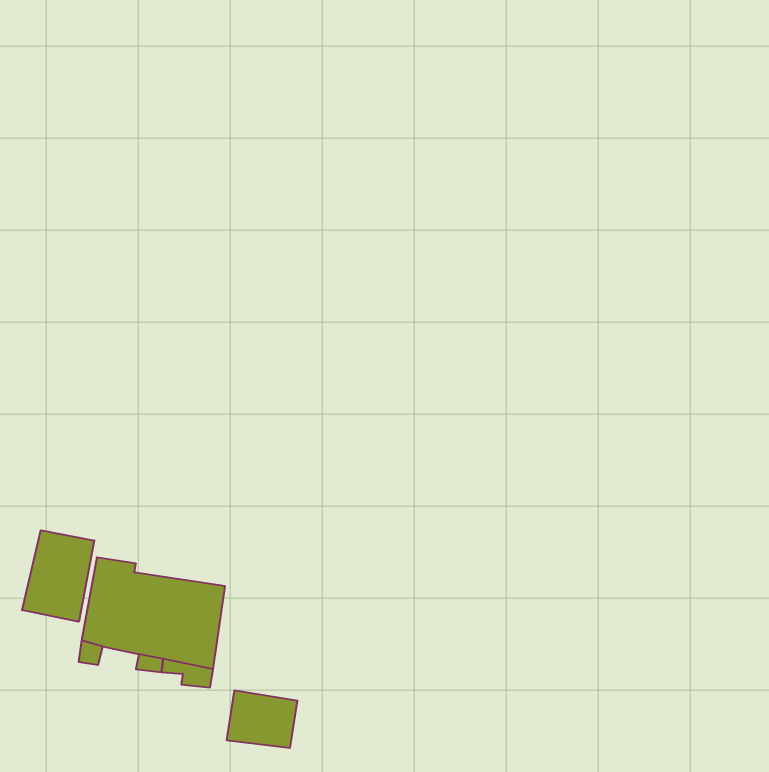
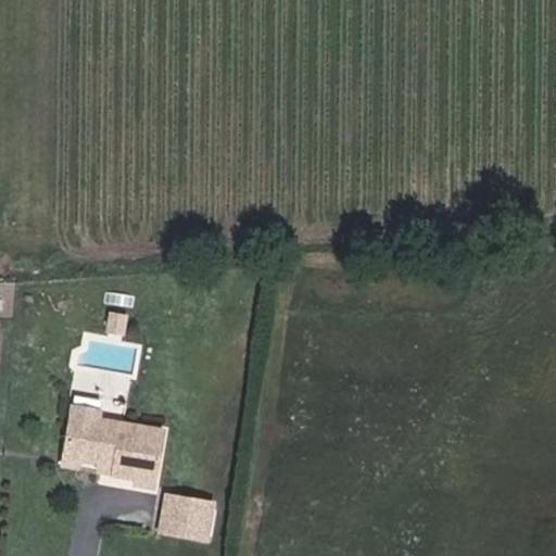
building: [22,530,94,622] -> none

